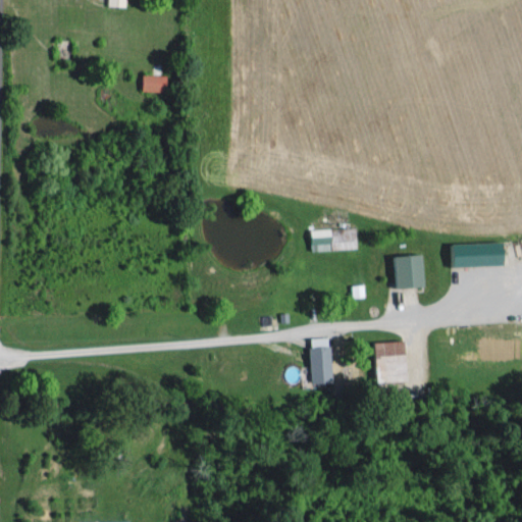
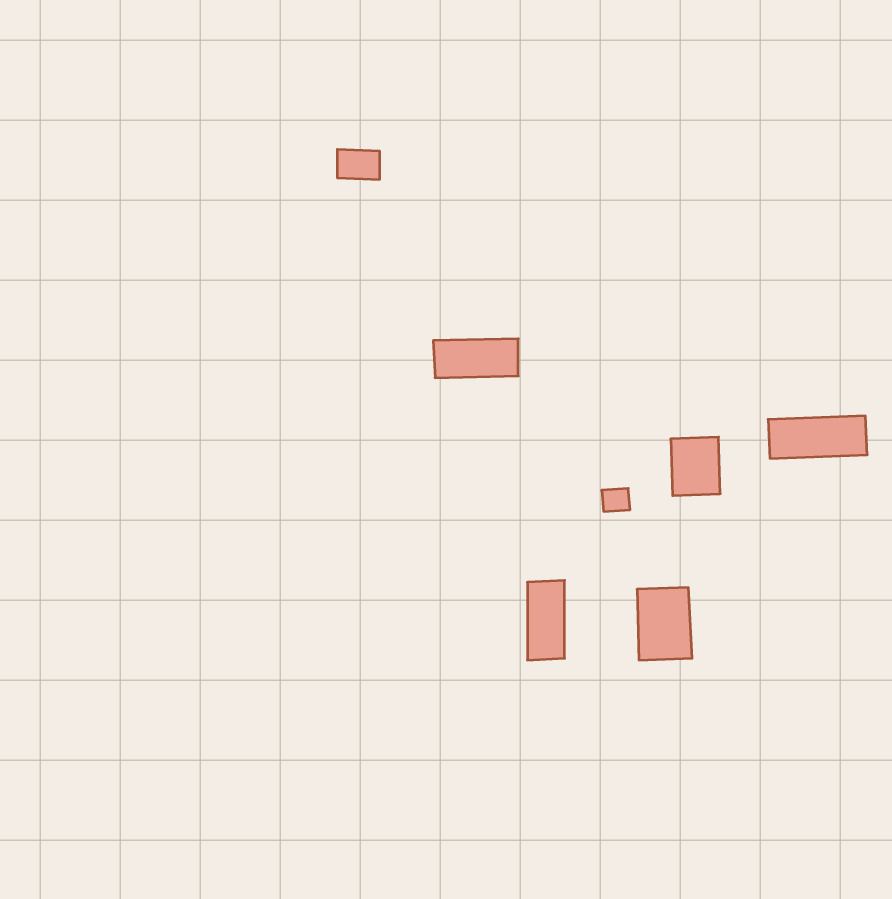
building: [143,74,167,92] -> [337,149,380,179]
building: [312,228,361,251] -> [433,339,518,378]

